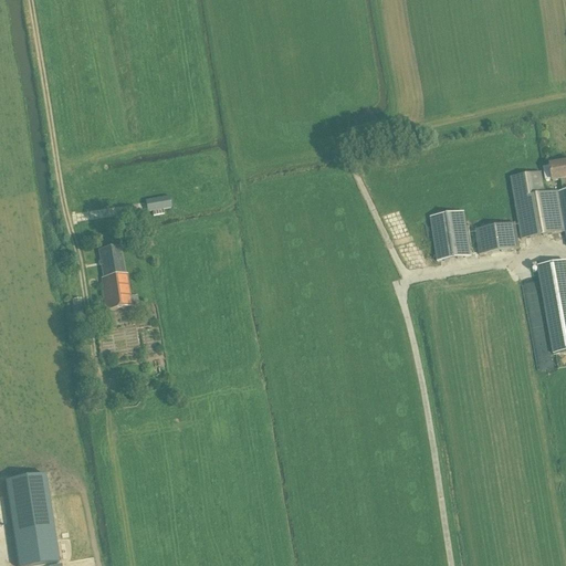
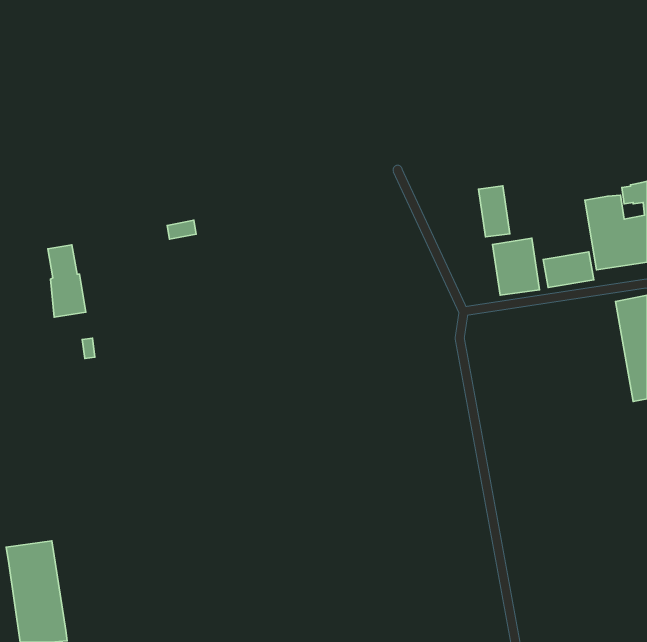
building: none -> [478,186,510,237]
building: [99,244,133,307] -> [48,245,86,317]

